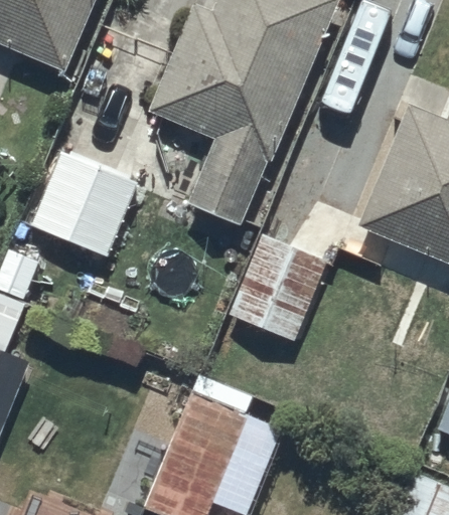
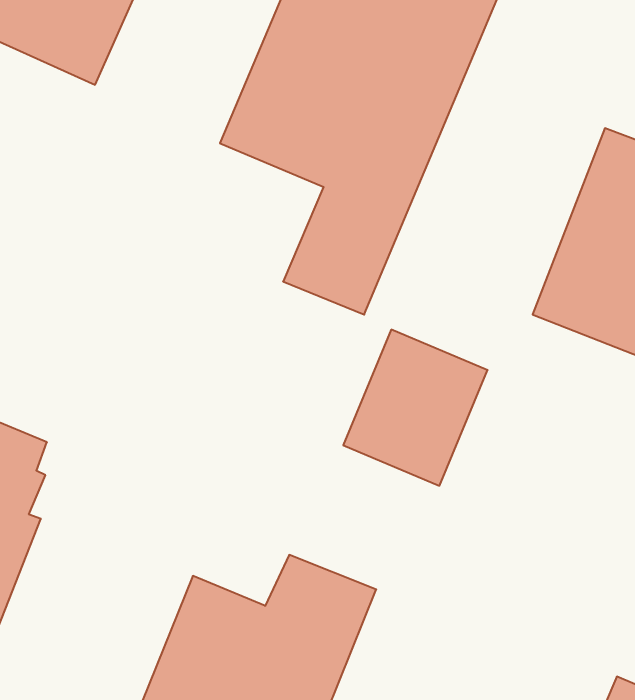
building: [30,150,140,259] -> none

